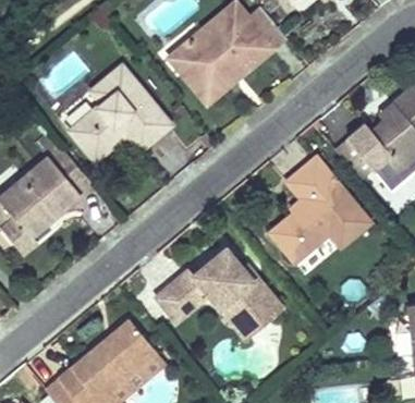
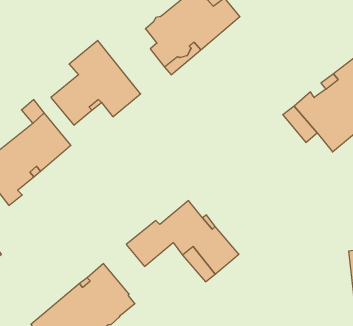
building: [269,157,370,264] -> none

